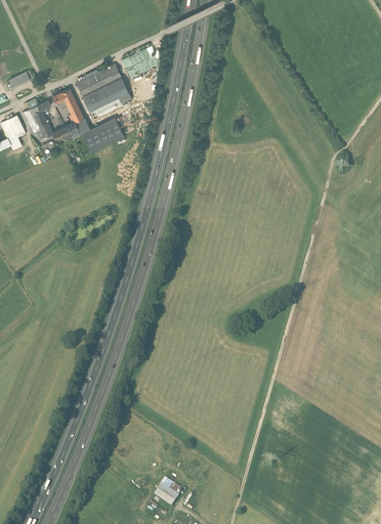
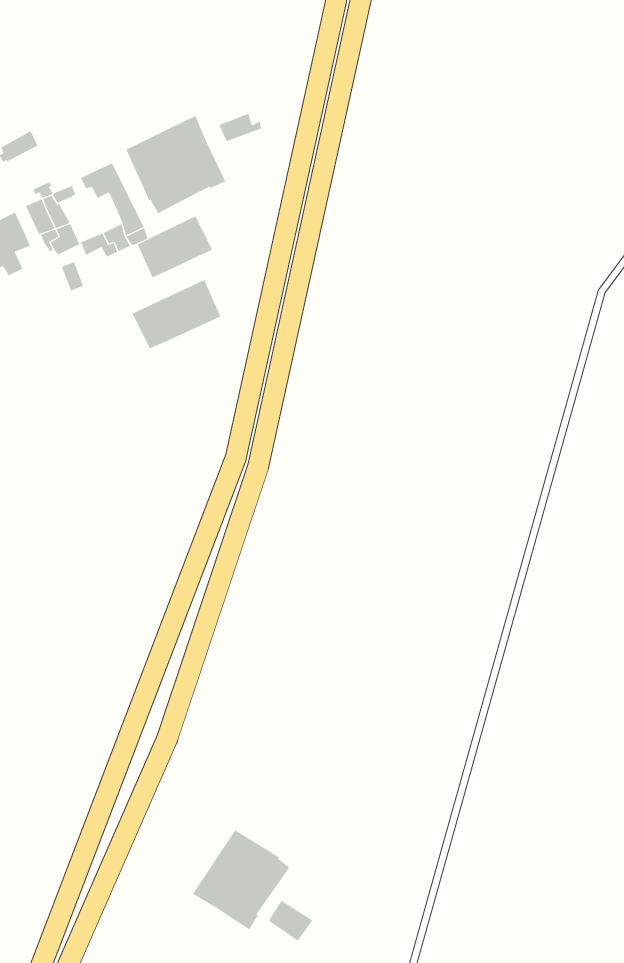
building: none -> [132,279,221,349]
building: none -> [192,830,290,930]

